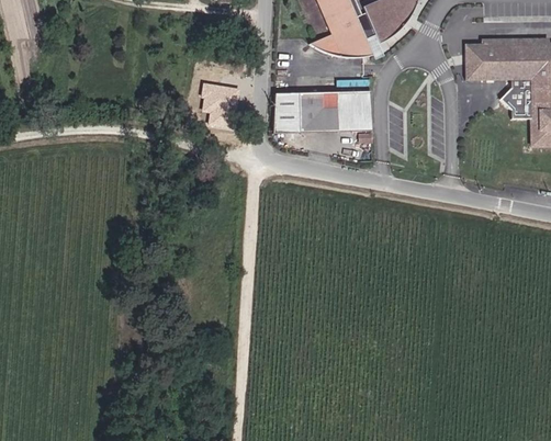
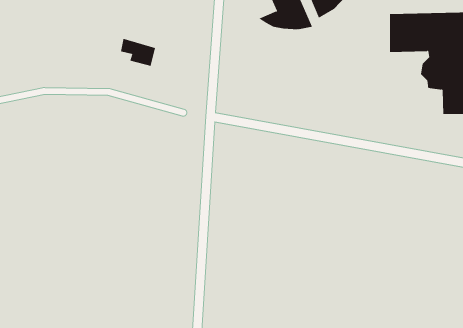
building: [201,80,243,113] -> [120,38,156,67]
building: [271,89,373,131] -> none

